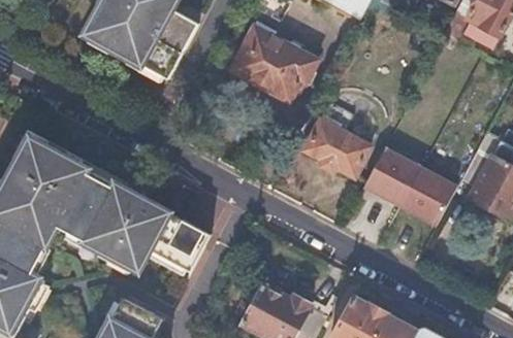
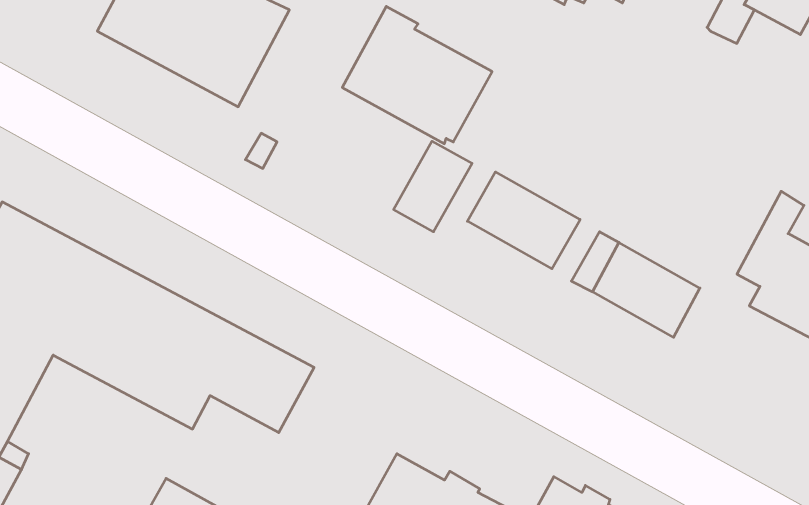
building: none -> [394,141,472,232]

